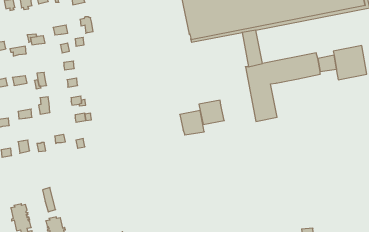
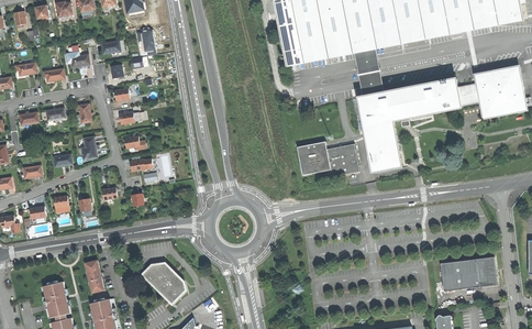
building: [180,110,204,135] -> [326,143,359,176]
building: none -> [440,256,497,292]
building: none -> [142,264,185,305]

